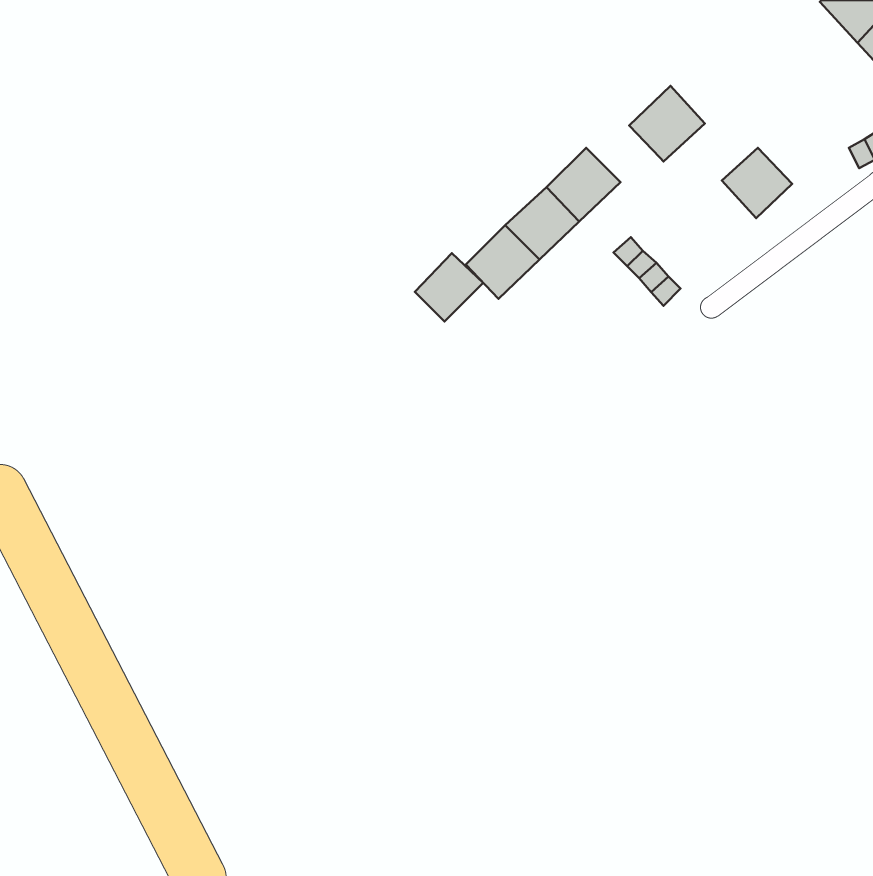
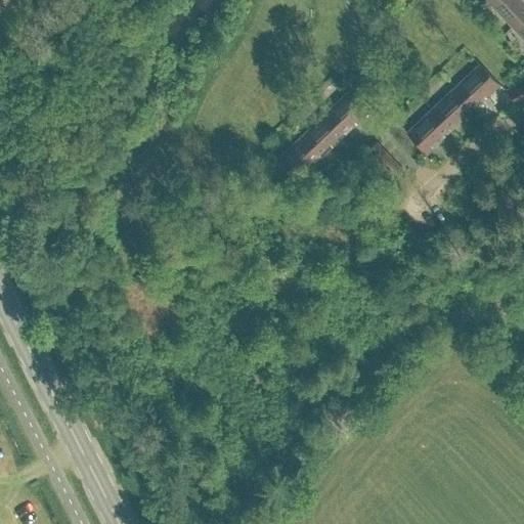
building: [629,86,705,161] -> [408,108,453,154]
building: none -> [454,63,501,111]
building: [415,253,483,322] -> none

